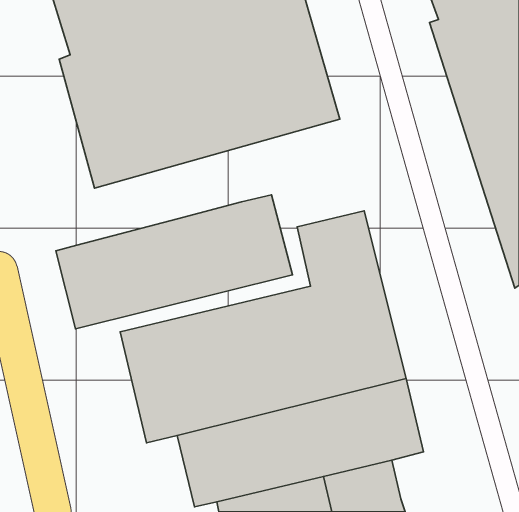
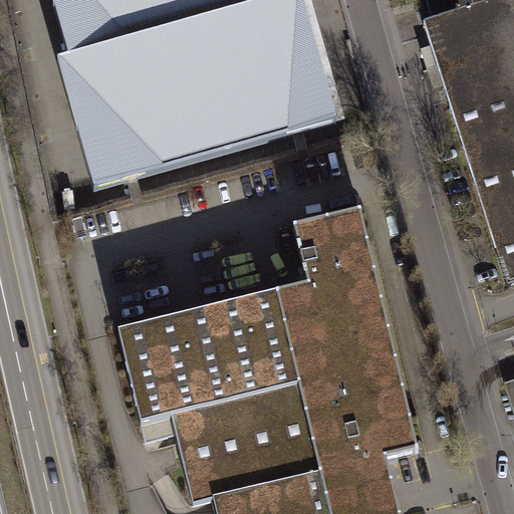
building: [56,195,292,329] -> none

